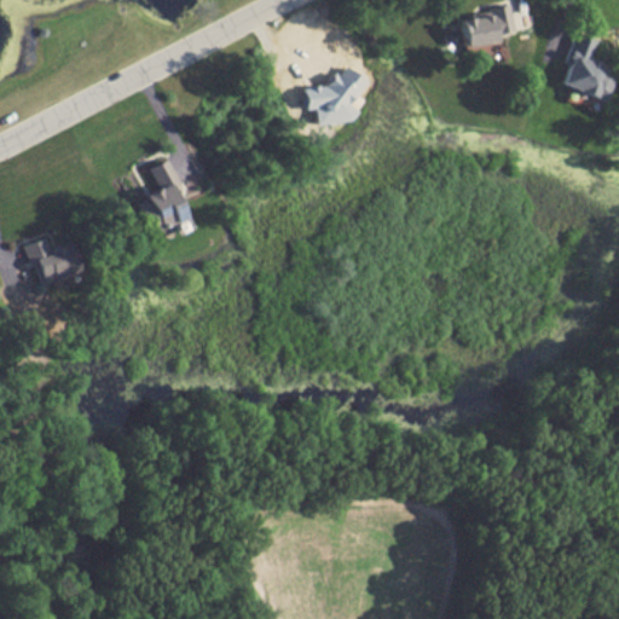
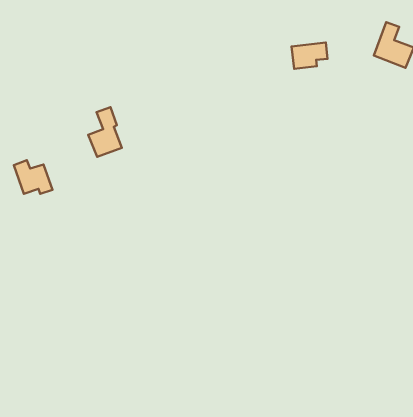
building: [462,8,515,47] -> [292,43,328,69]
building: [305,70,364,125] -> none

